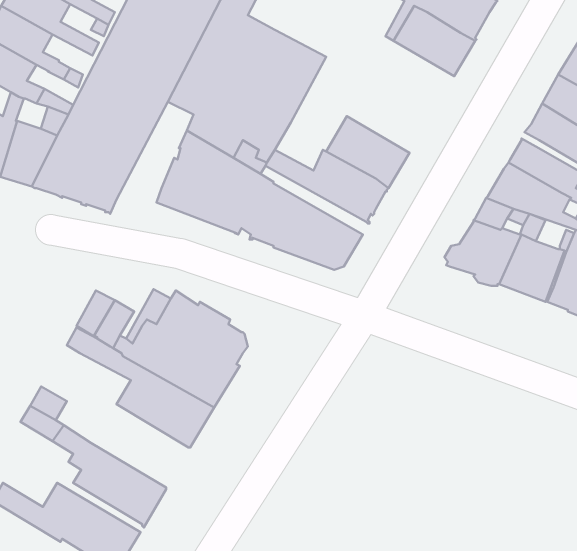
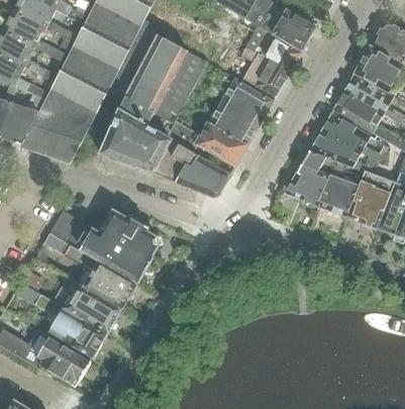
building: none -> [241,48,289,96]
building: none -> [221,78,274,122]
building: none -> [60,280,121,333]

